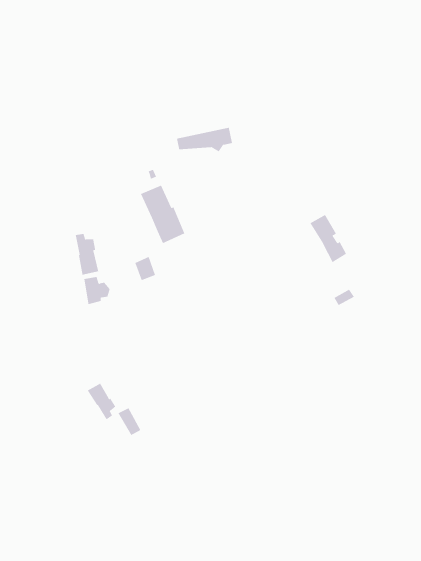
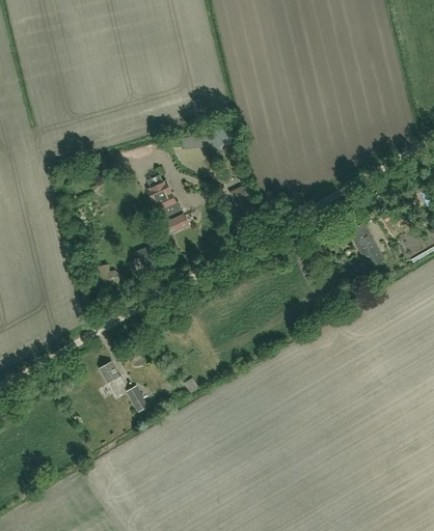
building: [310,214,347,263] -> [349,223,383,268]
building: [75,233,99,275] -> none

